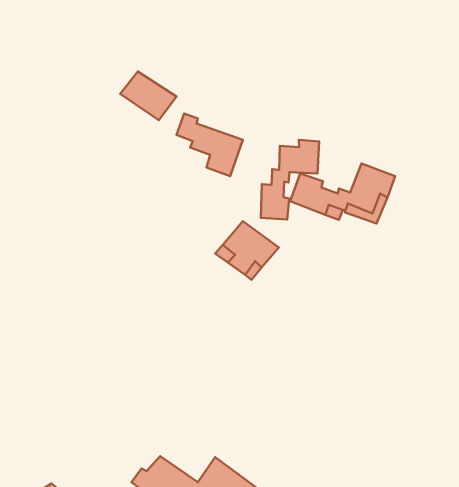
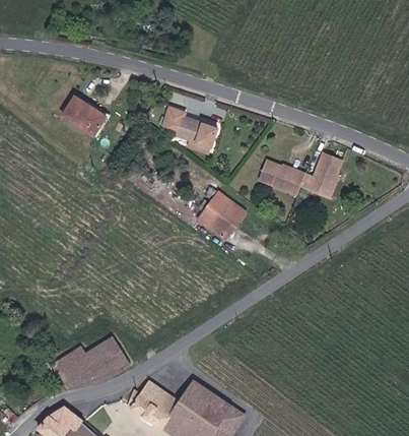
building: [120,71,176,120] -> [66,101,112,140]
building: [261,140,319,220] -> none
building: none -> [52,327,131,382]

